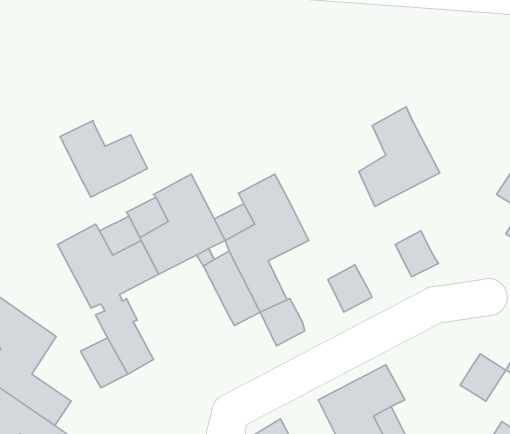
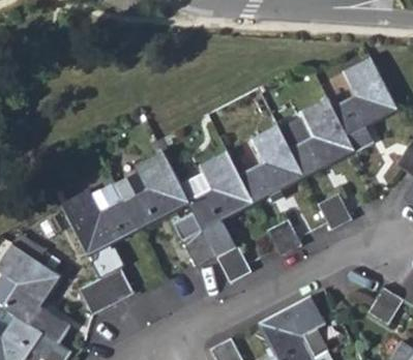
building: none -> [332,60,397,150]
building: [60,121,147,197] -> none
building: none -> [239,126,303,202]

